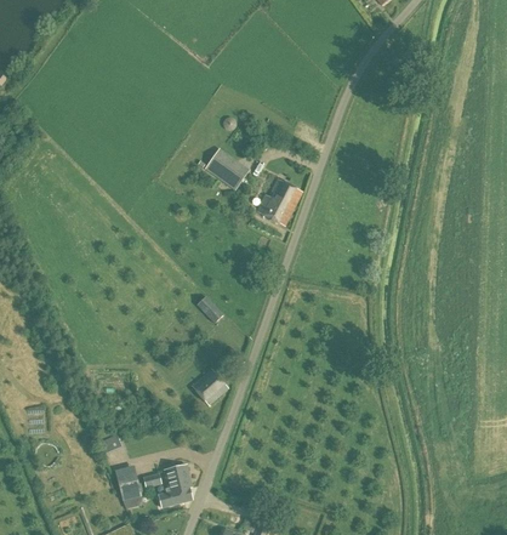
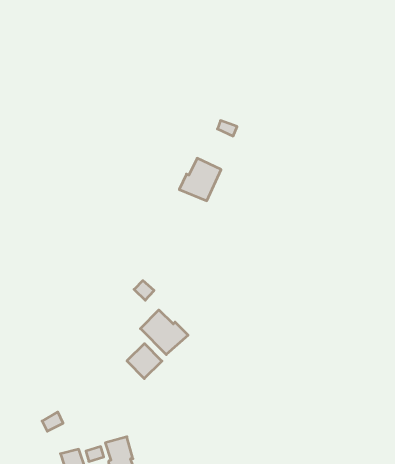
building: [204,148,247,189] -> none
building: none -> [140,310,188,355]

